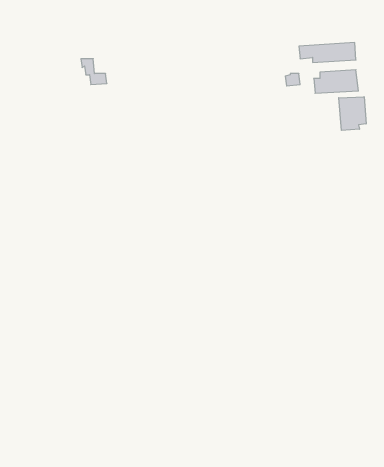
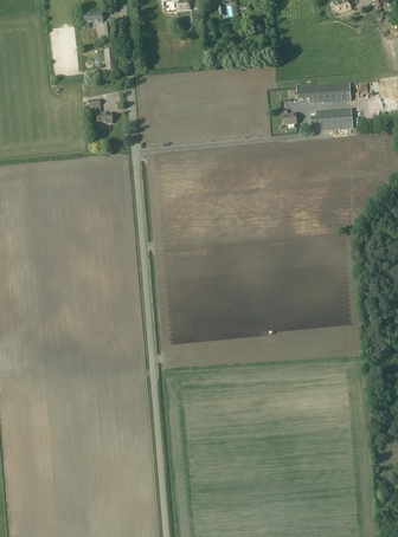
building: [339,97,366,130] -> none

